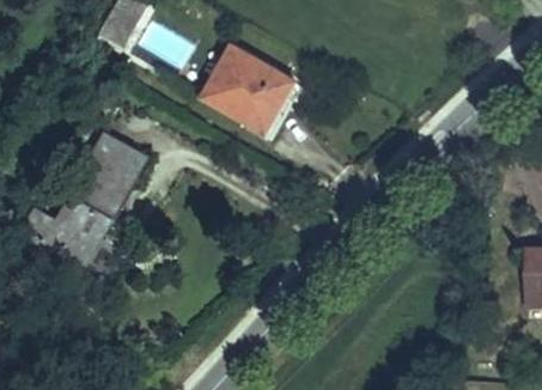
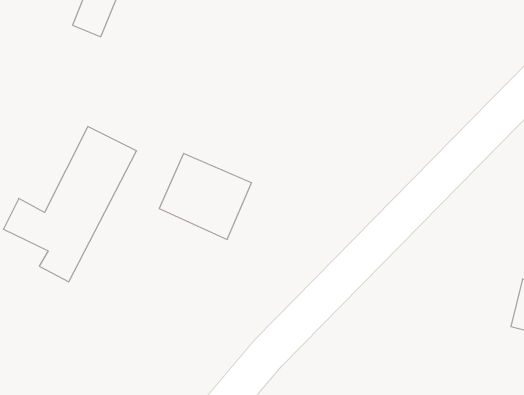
building: [201,44,287,124] -> [159,153,252,239]

